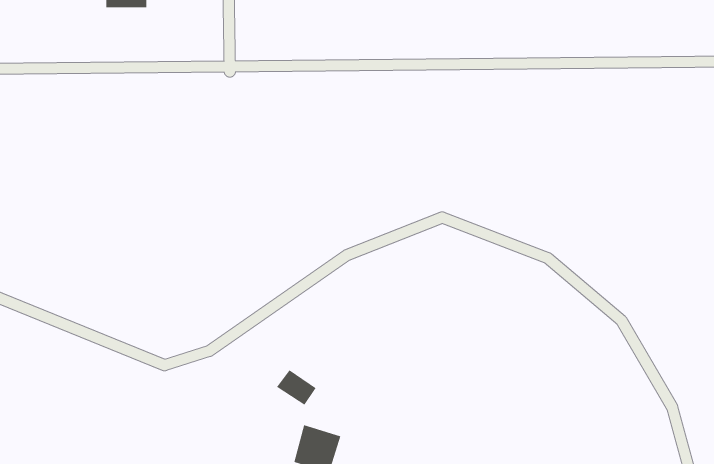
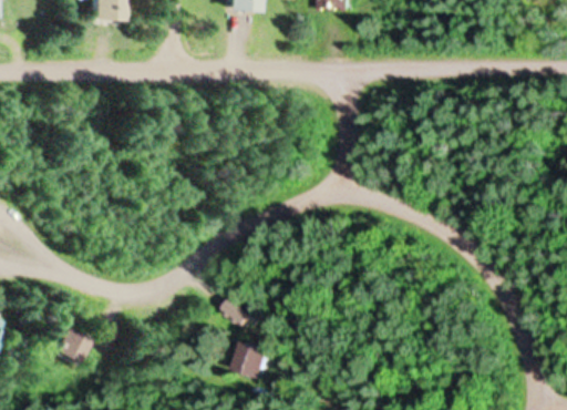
building: none -> [54,327,92,366]

